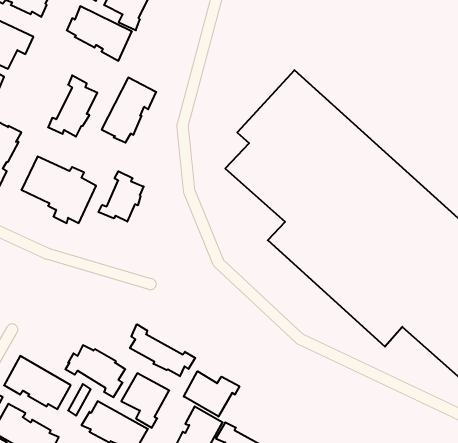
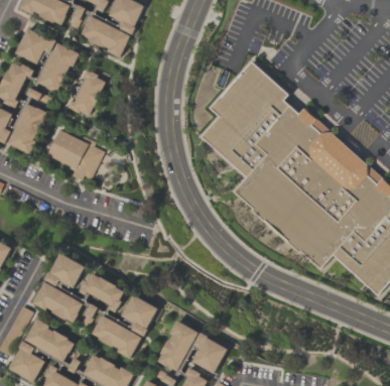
building: [102,78,156,143] -> [36,42,78,92]
building: [98,171,144,222] -> none
building: none -> [43,252,86,288]
building: [130,324,195,376] -> none
building: [184,371,239,417] -> none

